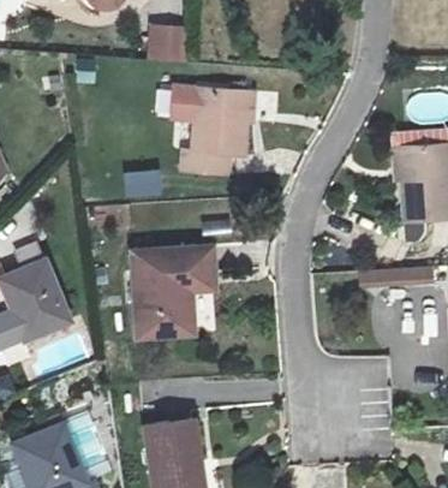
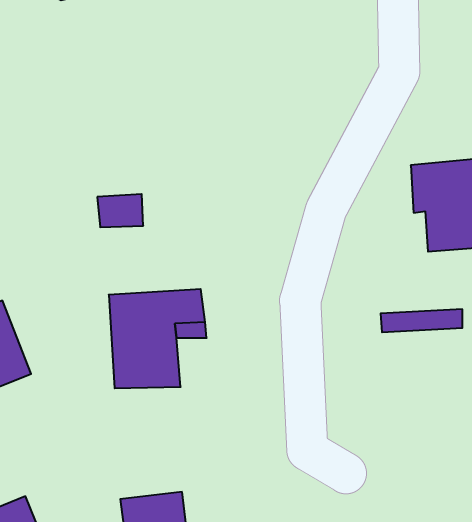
building: [149,23,185,63] -> none
building: [169,85,246,175] -> none

